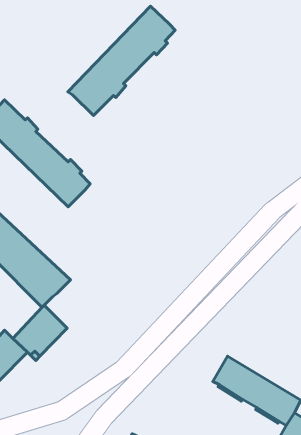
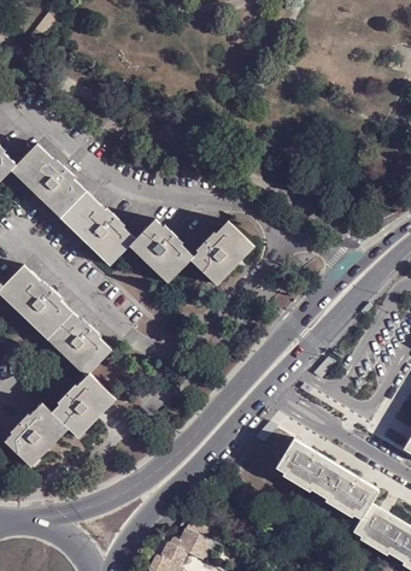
building: [68,6,175,116] -> none
building: none -> [130,217,257,286]

